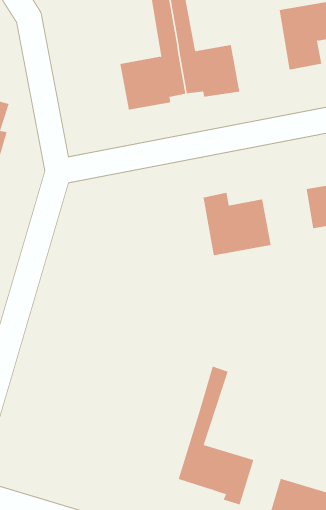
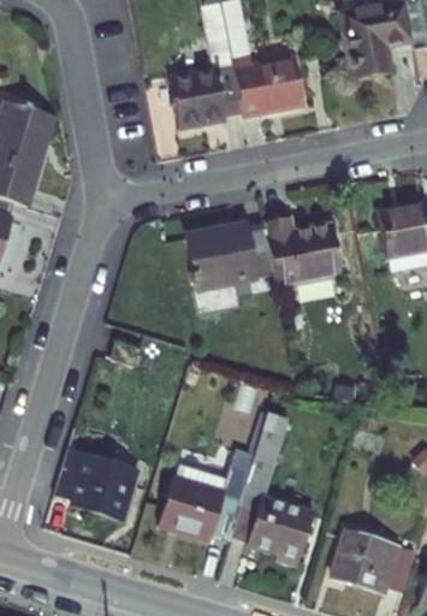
building: none -> [184,221,269,288]
building: none -> [58,445,141,515]
building: none -> [158,456,255,535]

